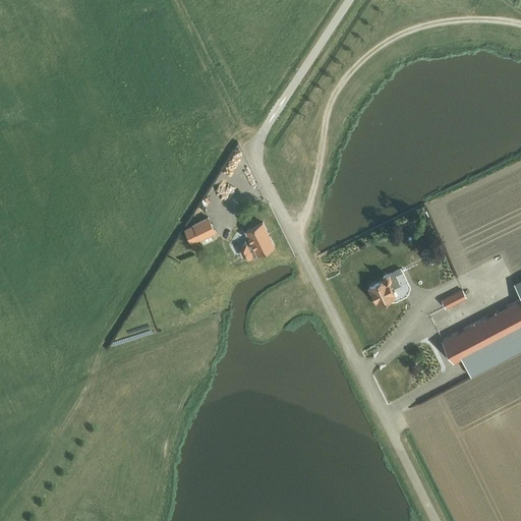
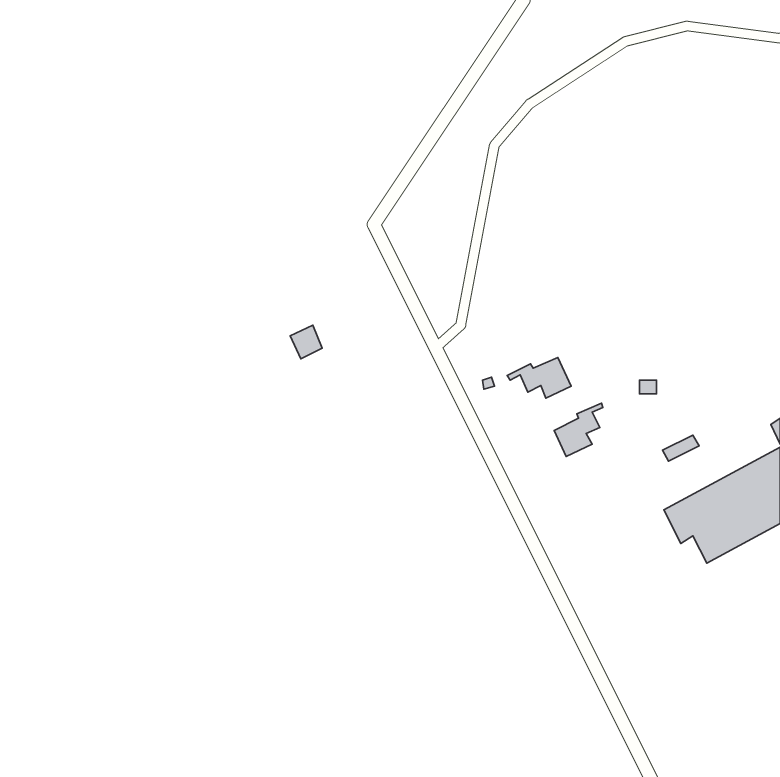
building: [240,224,275,260] -> none
building: none -> [507,358,571,398]

